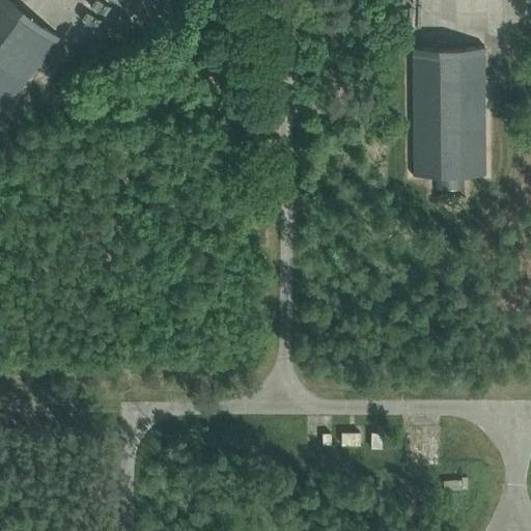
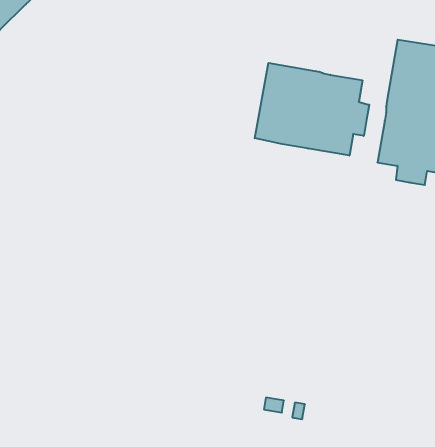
building: none -> [255,63,369,156]

